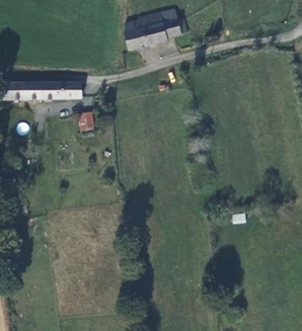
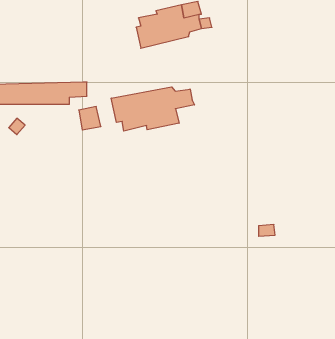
building: none -> [111,87,194,131]

